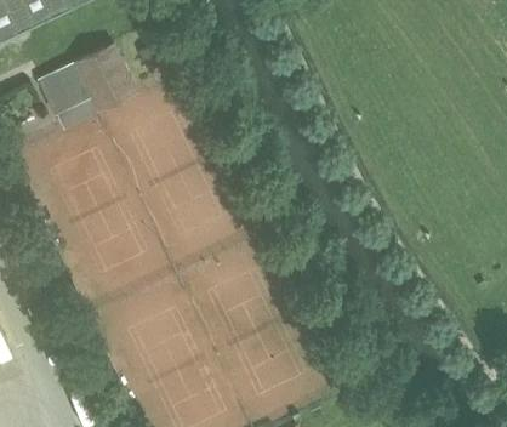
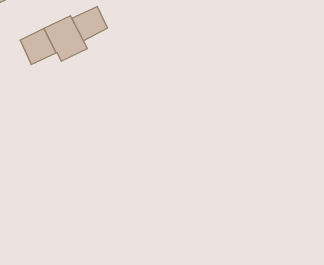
building: none -> [72,6,108,41]

